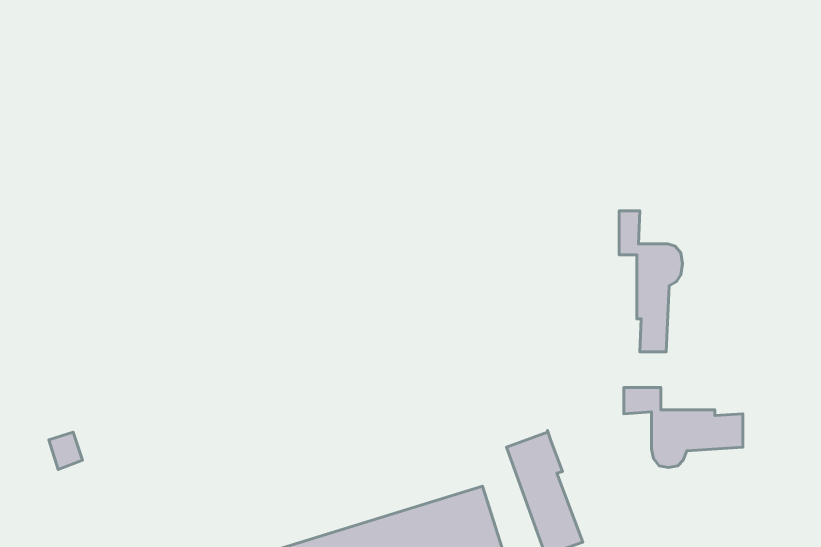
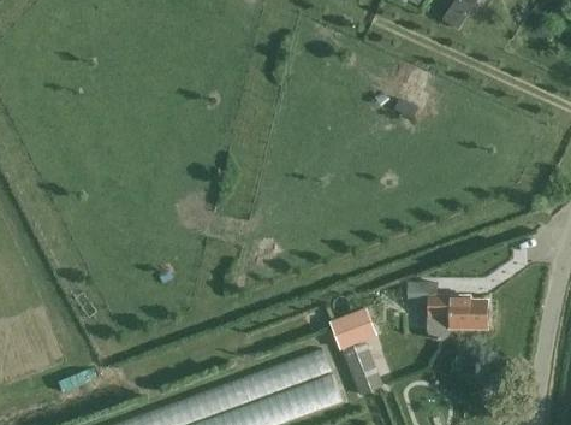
building: [619,211,682,352] -> none

